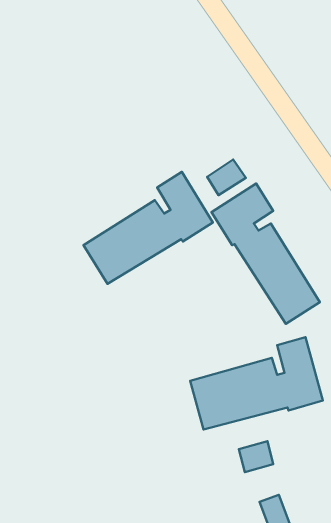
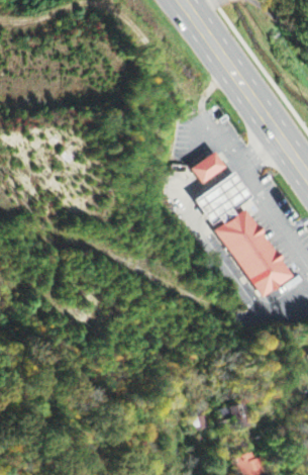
building: [83,172,213,284] -> none
building: [190,337,323,429] -> none

